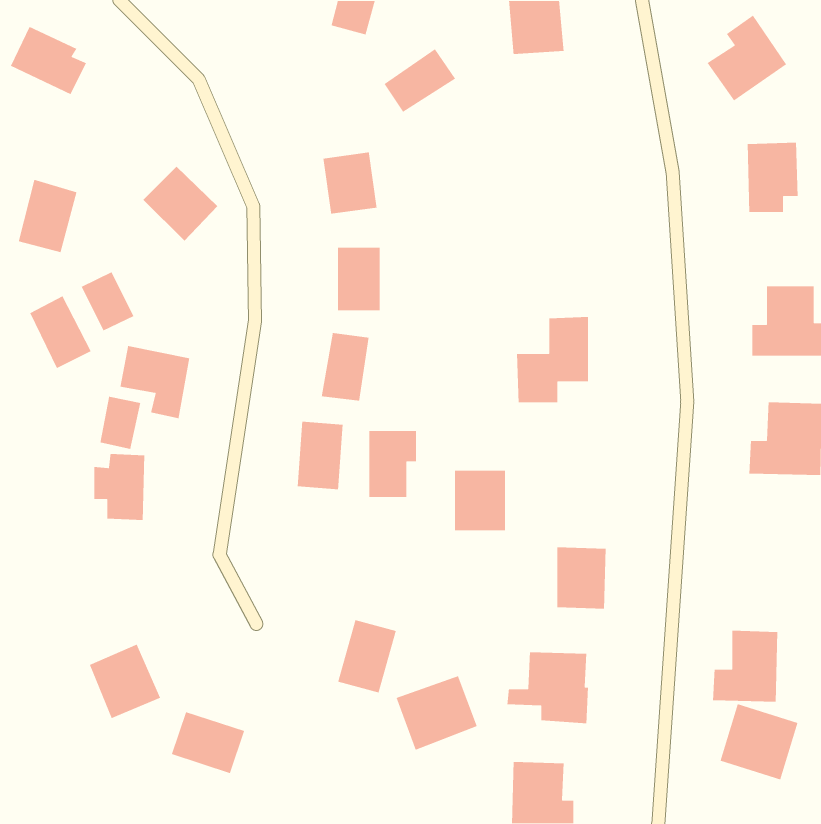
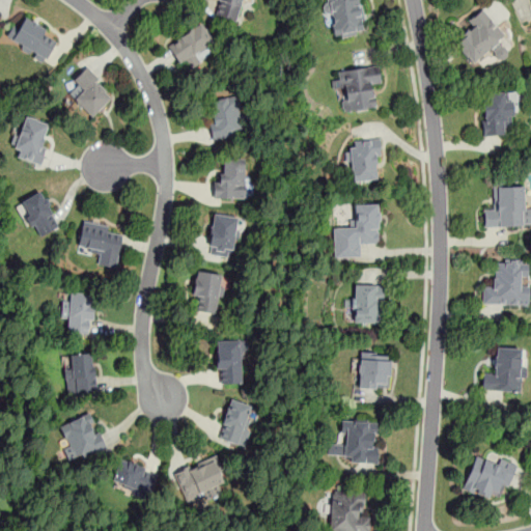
building: [383,48,456,113] -> [169,24,216,65]
building: none -> [336,64,383,113]
building: [142,166,218,242] -> [67,69,116,118]
building: none -> [348,139,382,184]
building: [81,271,135,332] -> none
building: [100,396,141,450] -> none
building: [369,430,417,498] -> [218,339,249,383]
building: [454,470,506,531] -> [352,284,385,324]
building: none -> [66,353,96,394]
building: [712,630,778,703] -> [483,346,526,393]
building: [396,675,478,751] -> [175,455,228,504]

